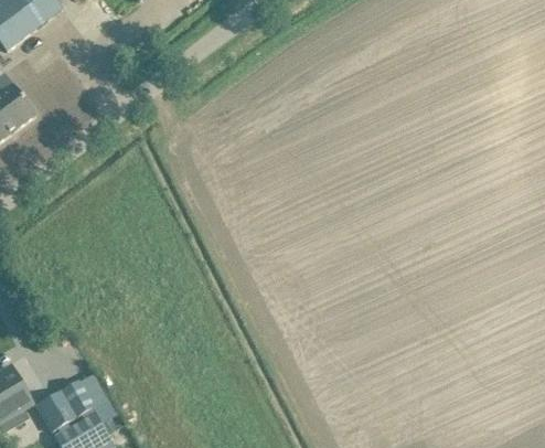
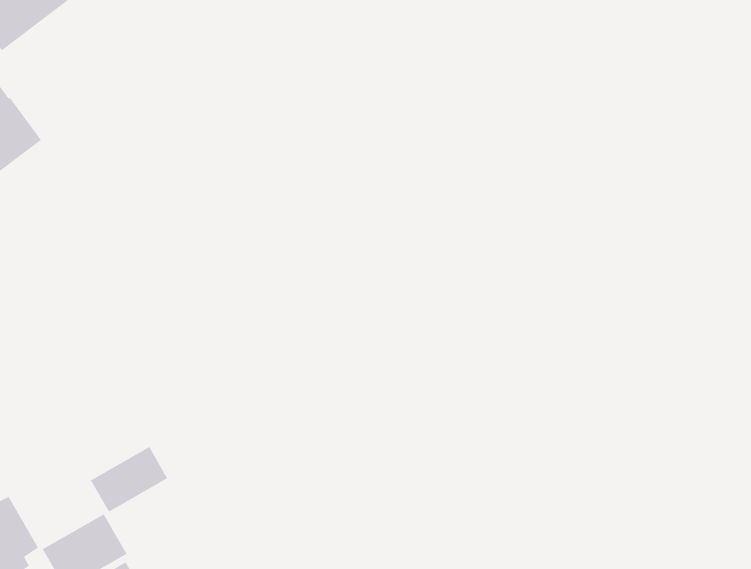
building: none -> [90,446,168,513]

